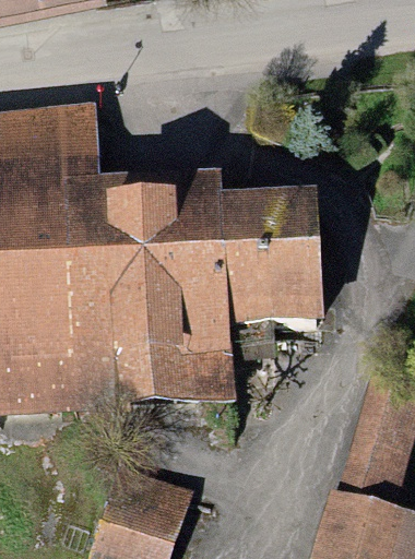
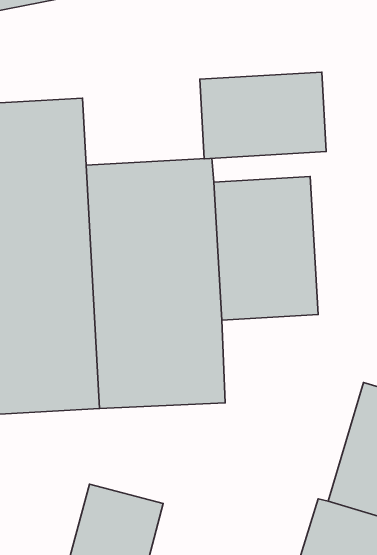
building: none -> [200,72,326,159]

